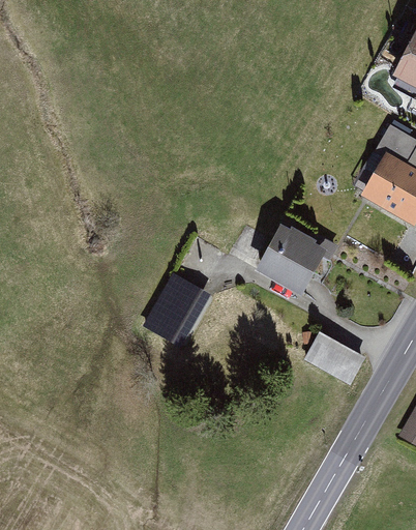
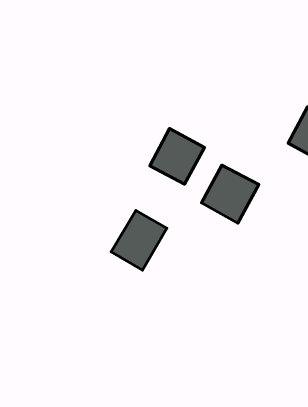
building: none -> [150,129,205,184]
building: [306,336,365,381] -> none

